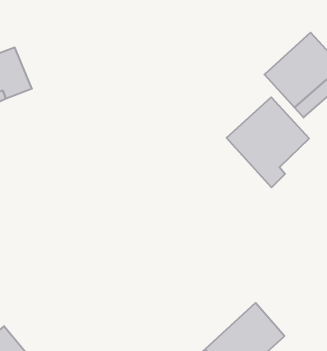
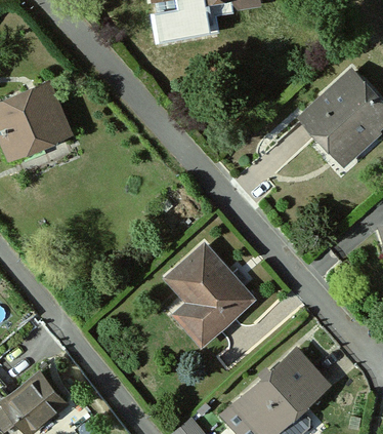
building: [227,97,309,187] -> none
building: none -> [170,246,250,342]

